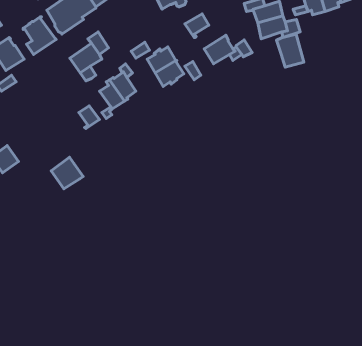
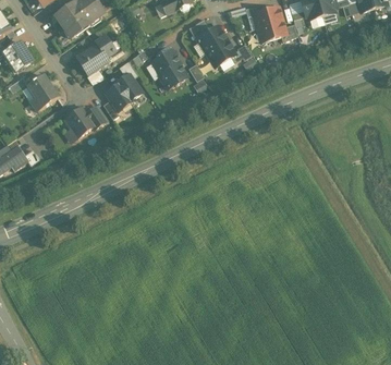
building: [23,17,56,54] -> [27,73,59,109]
building: none -> [196,23,227,50]
building: [277,34,304,67] -> none
building: [51,157,83,189] -> [64,105,95,135]

